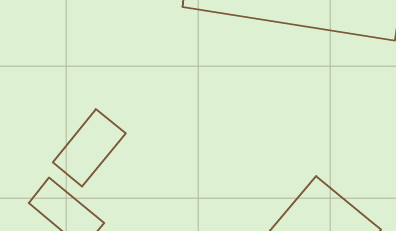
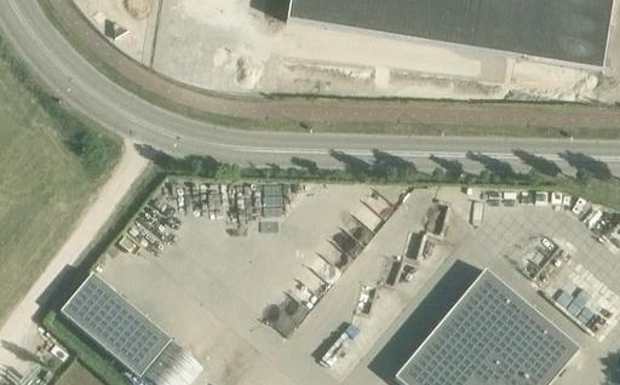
building: [53,109,126,187] -> none

